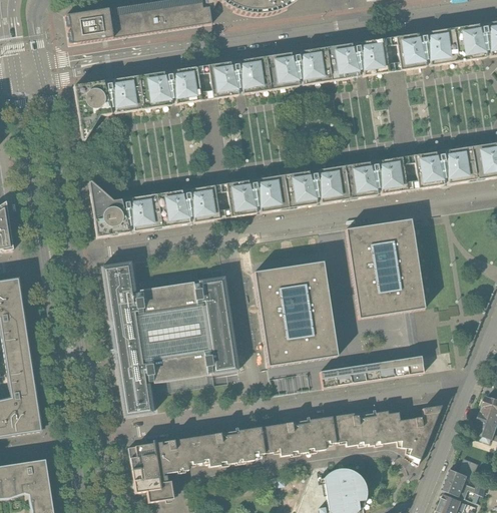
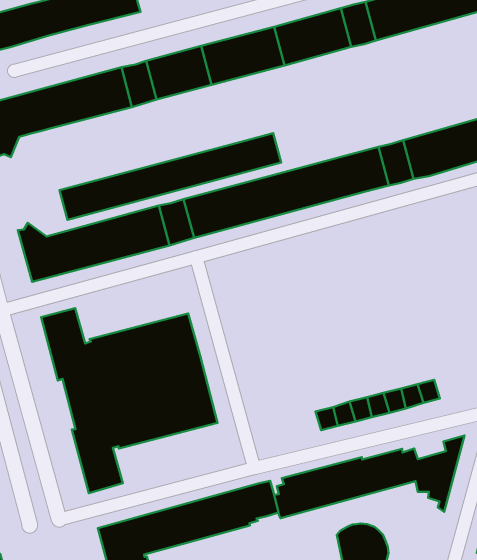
building: none -> [60,133,281,220]
building: [345,218,424,319] -> none
building: [254,262,338,367] -> none

